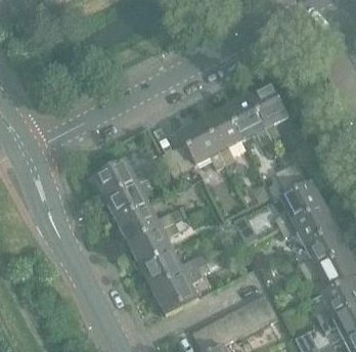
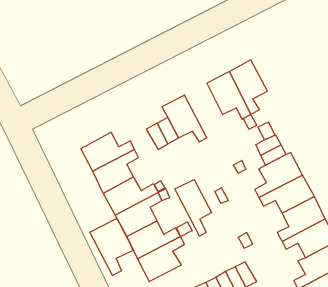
building: [202,106,241,164] -> none
building: none -> [175,180,212,236]
building: none -> [90,219,133,276]

